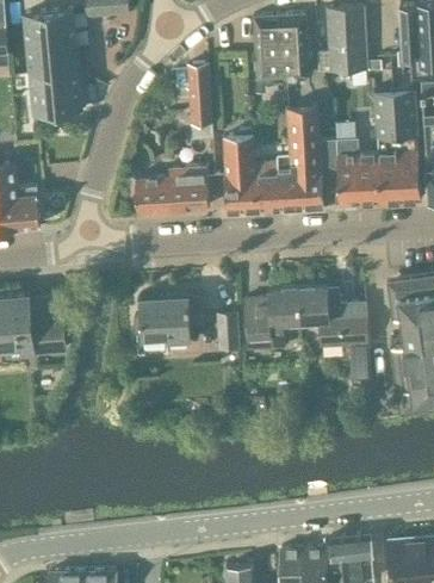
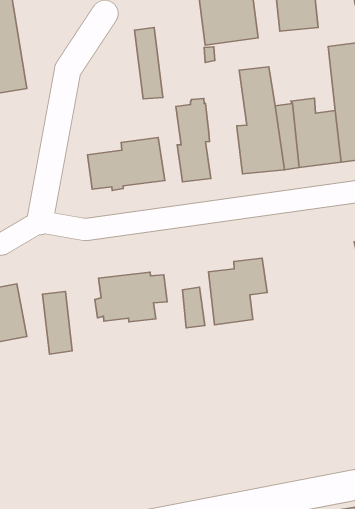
building: [250,165,284,210] -> none
building: [297,289,370,386] -> none
building: none -> [43,292,72,354]

